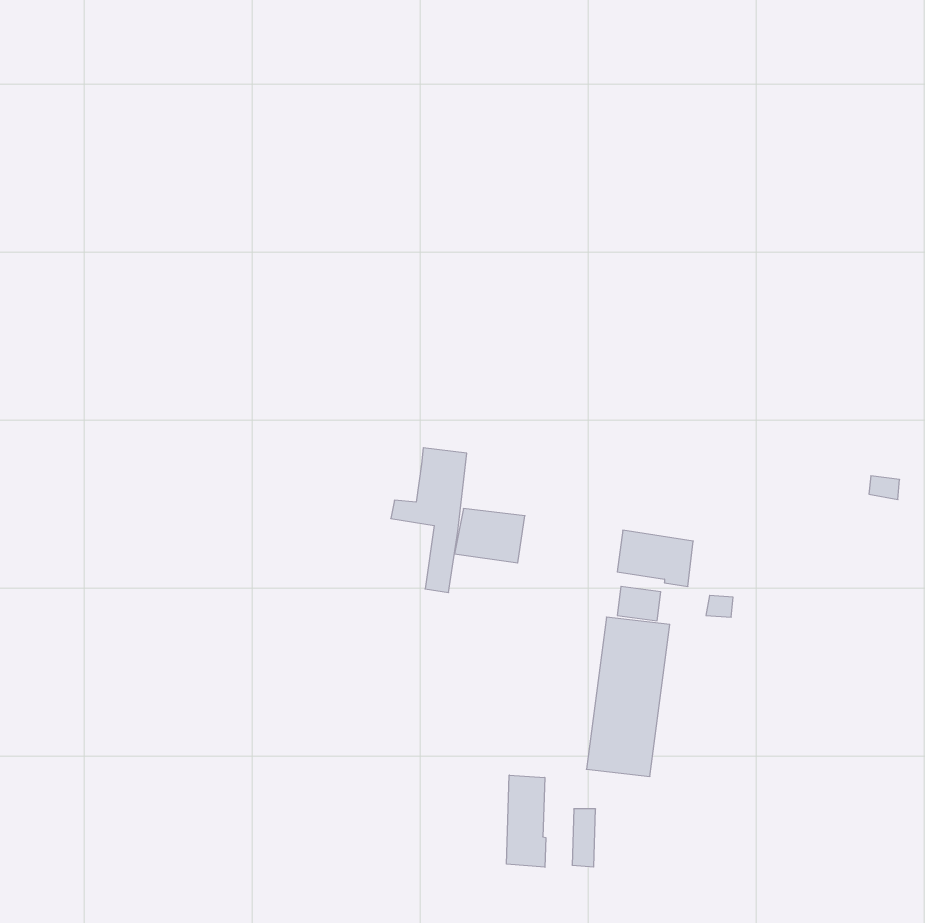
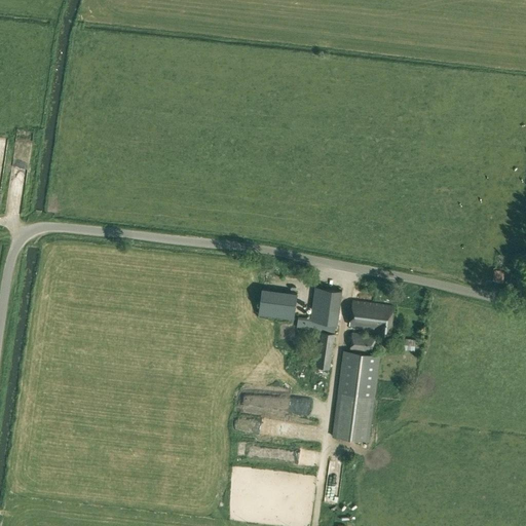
building: [391,448,467,593] -> [297,288,340,370]
building: [507,775,546,867] -> none

